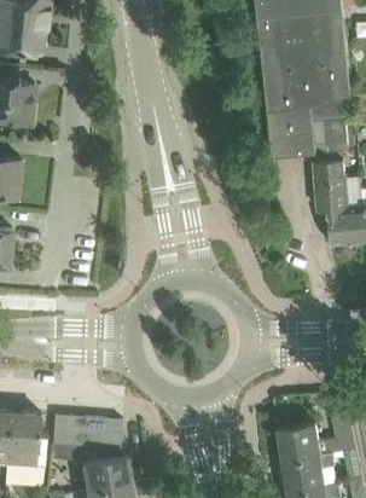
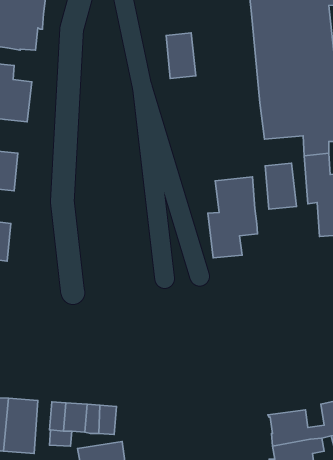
building: none -> [166,33,196,78]
building: none -> [265,163,296,209]
building: none -> [208,177,258,258]

